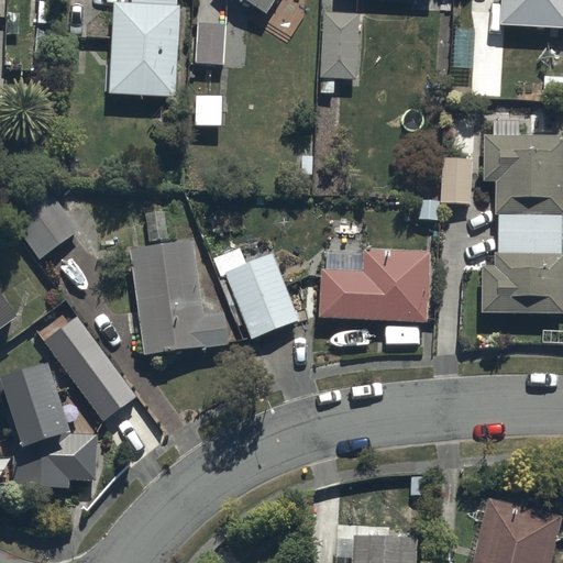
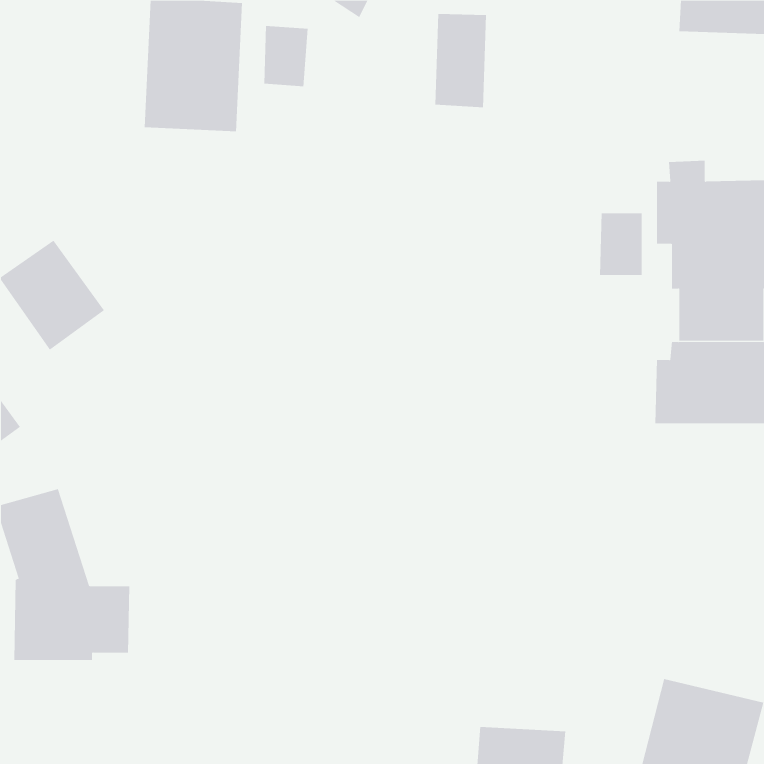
building: [130,239,228,354] -> none
building: [212,249,298,336] -> none
building: [319,250,429,322] -> none
building: [44,318,136,422] -> none

